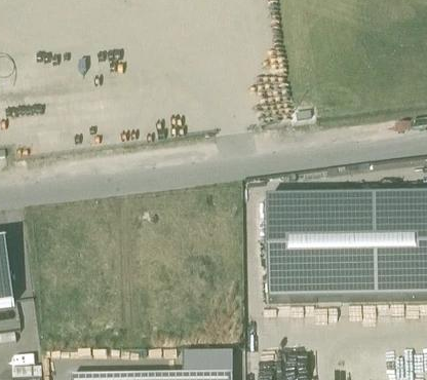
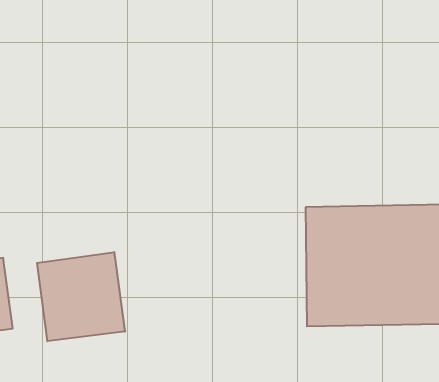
building: none -> [37,252,125,341]

